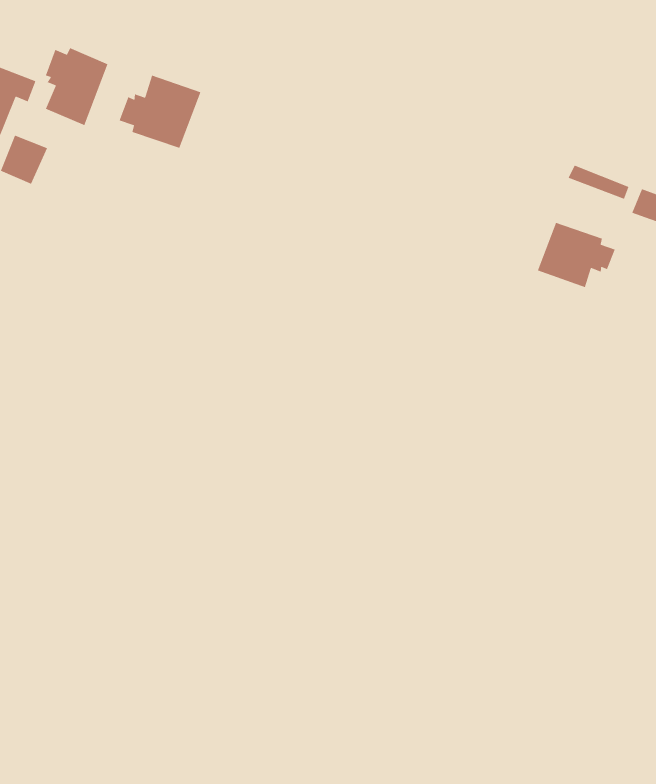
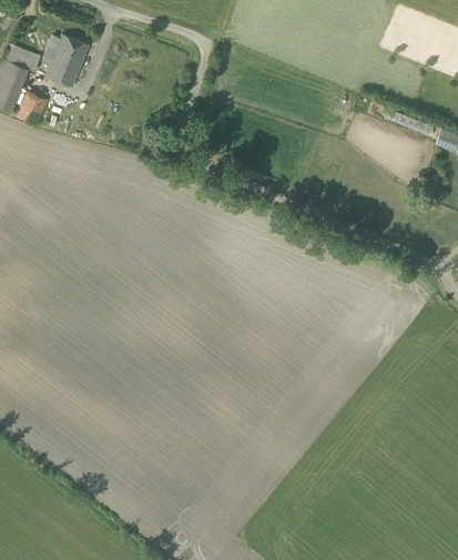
building: [118,74,201,149] -> none
building: [537,222,616,288] -> none

